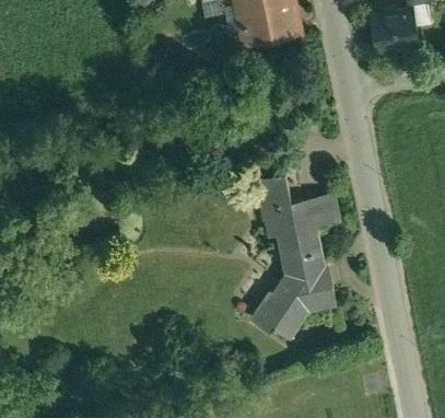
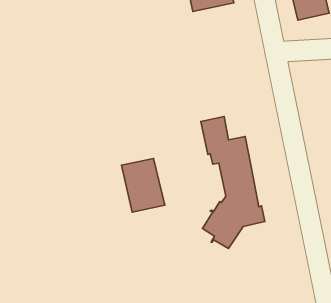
building: [311,194,340,230] -> none
building: none -> [122,159,165,212]

